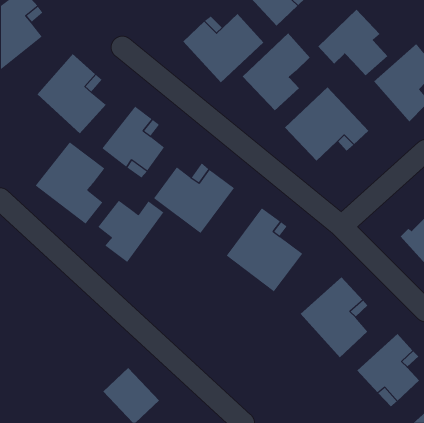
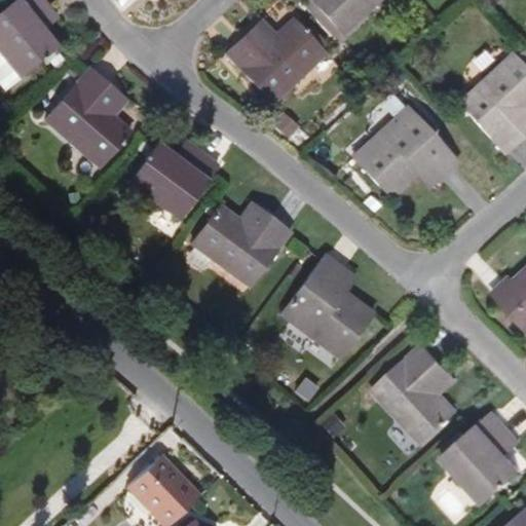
building: [317,9,388,76] -> none
building: [242,33,311,111] -> none
building: [35,141,105,225] -> none
building: [97,200,164,263] -> none

